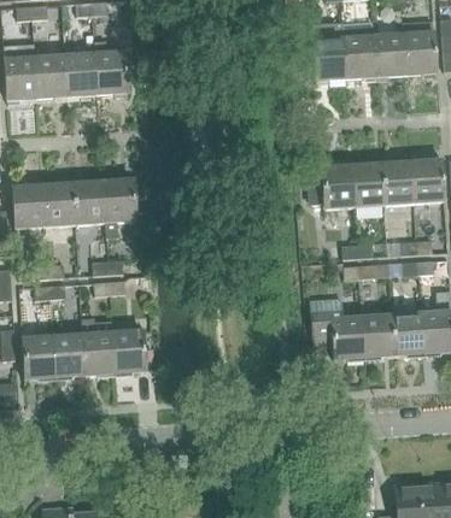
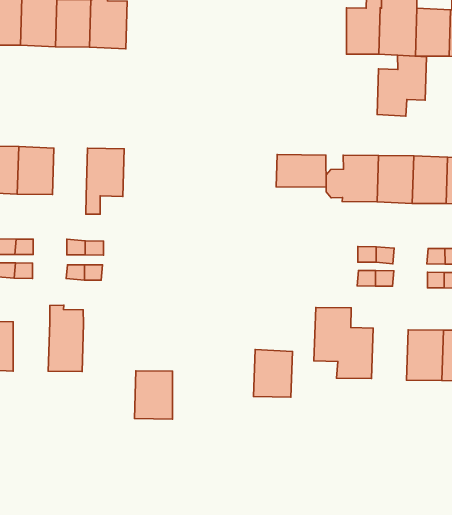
building: none -> [377,55,426,116]
building: none -> [276,155,326,187]
building: [72,182,104,224] -> none
building: [359,313,392,358] -> none
building: [111,330,146,373] -> [134,371,172,419]
building: [51,334,84,378] -> none
building: none -> [254,349,292,397]

